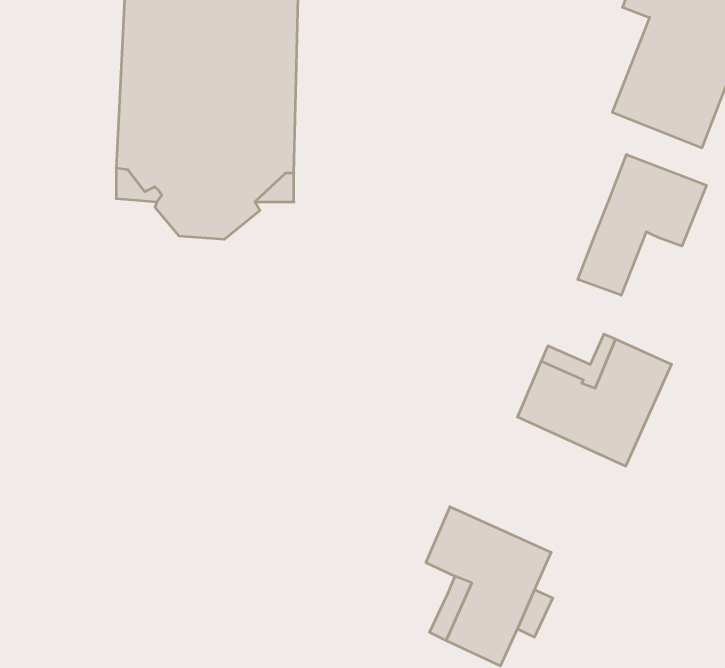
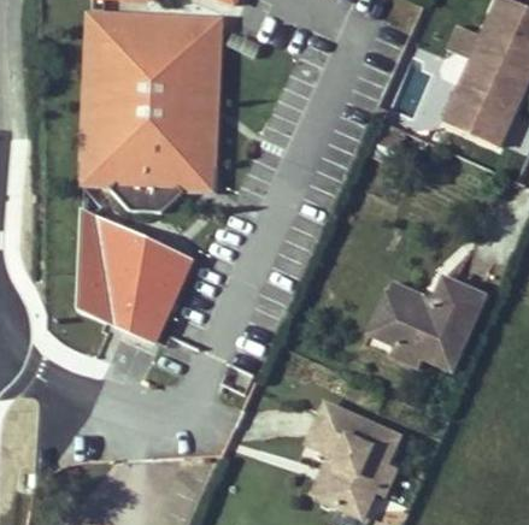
building: [578,154,706,295] -> none
building: none -> [75,207,195,342]

